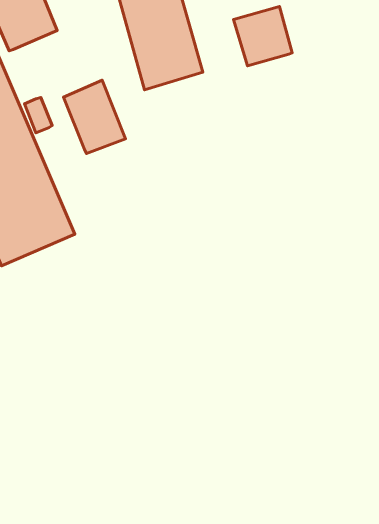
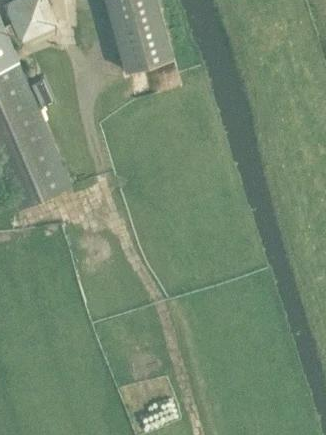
building: [233,7,292,66] -> none
building: [63,80,125,154] -> none

